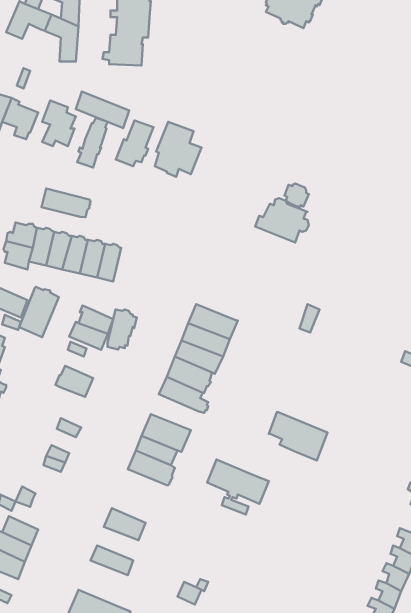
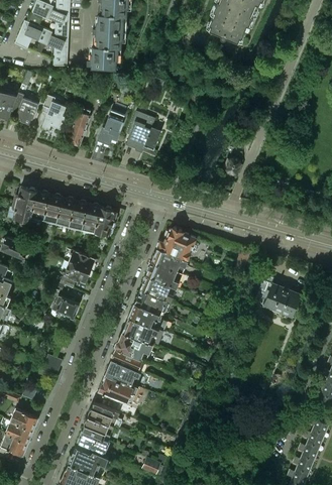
building: [76,91,129,128] -> none
building: [42,189,91,217] -> none
building: [255,198,309,243] -> [157,228,198,261]
building: [19,287,59,337] -> none
building: [107,309,137,350] -> [95,207,117,237]
building: none -> [123,317,159,344]
building: [269,412,328,461] -> [256,280,301,317]
building: [207,460,269,515] -> [99,373,145,414]
building: none -> [83,416,114,441]
building: none -> [69,447,110,477]

